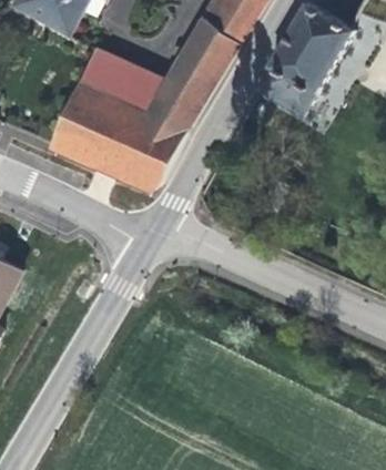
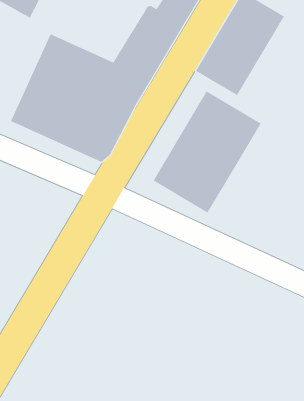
building: none -> [153,90,261,213]

